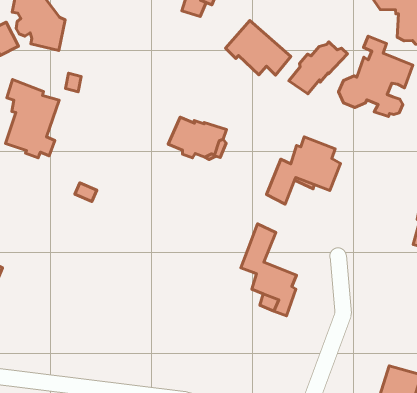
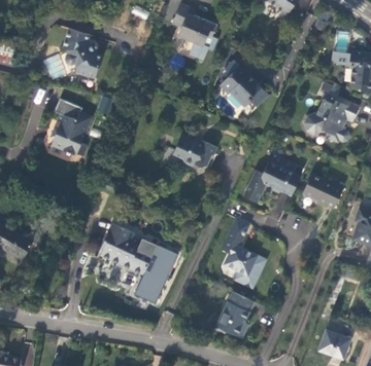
building: [289,42,348,94] -> none
building: none -> [302,173,343,208]
building: none -> [99,223,178,303]
building: none -> [213,291,254,338]

